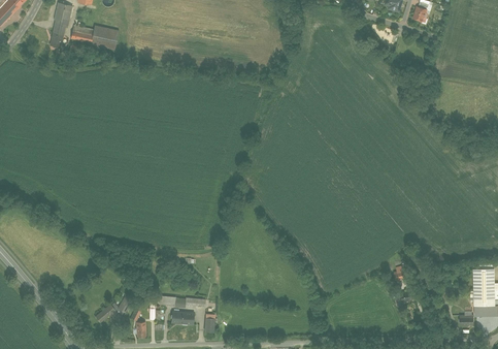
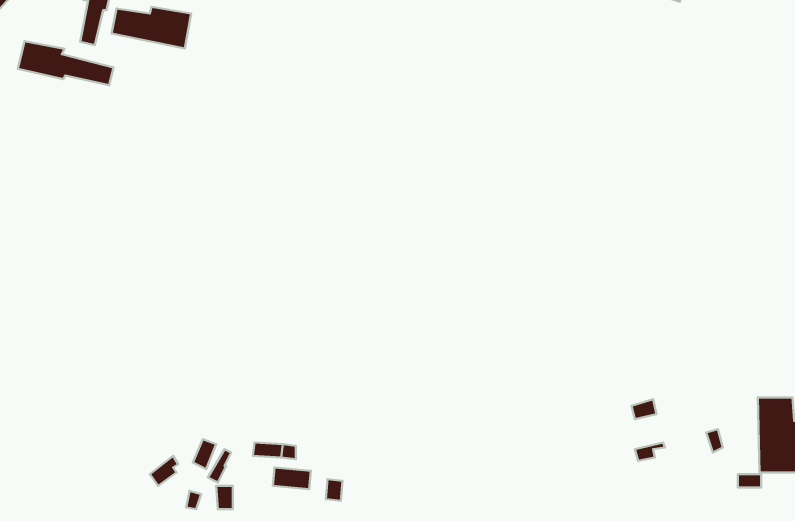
building: none -> [18,41,113,85]

